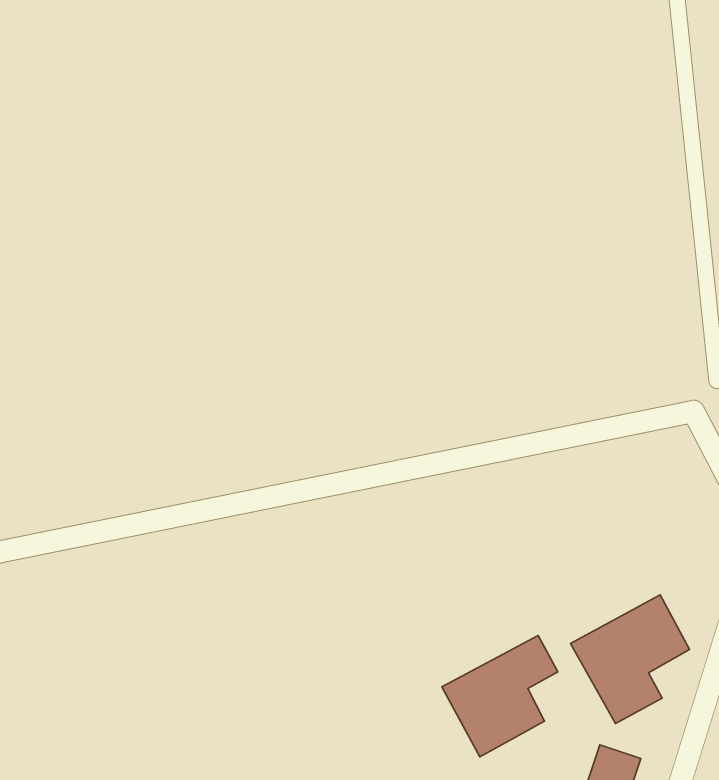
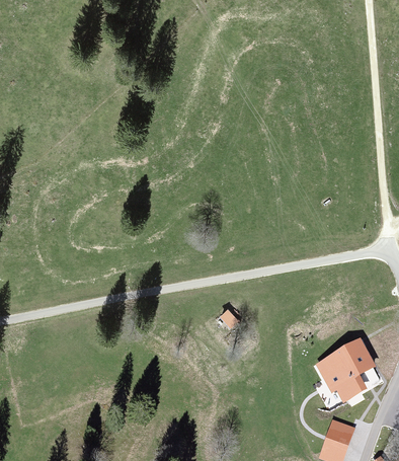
building: [442,635,558,757] -> none

